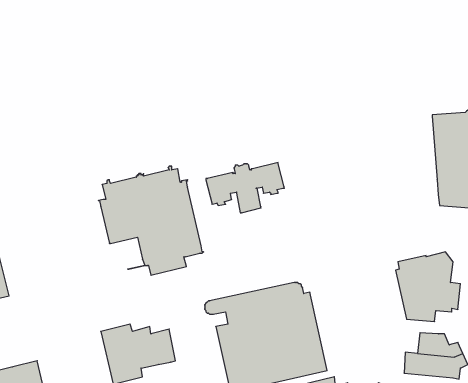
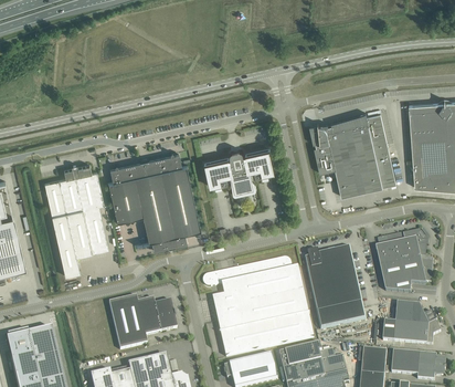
building: none -> [309,111,395,195]
building: none -> [43,163,107,274]
building: none -> [305,247,364,326]

